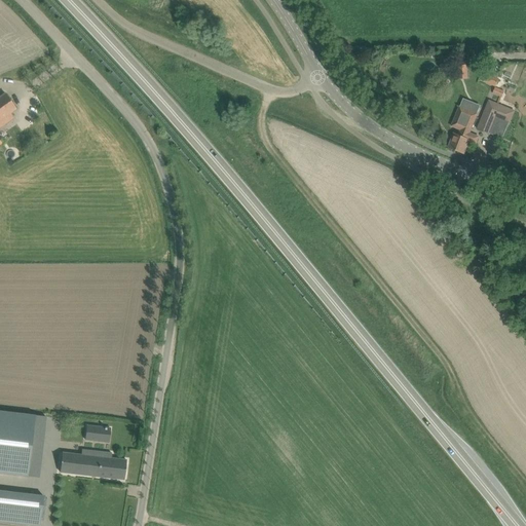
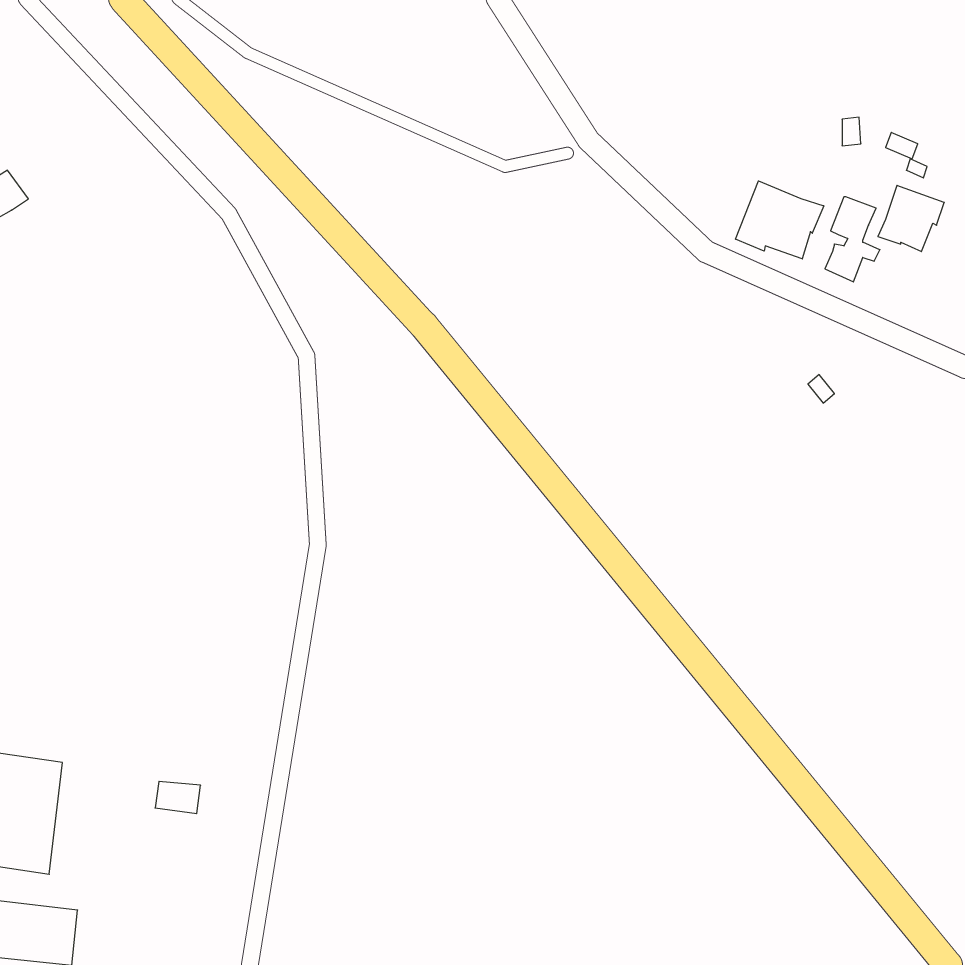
building: none -> [736,181,824,259]
building: [59,450,125,479] -> none

